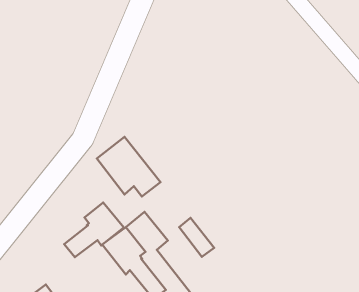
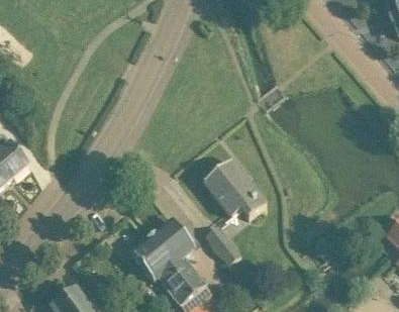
building: [97,137,160,197] -> [203,159,266,217]
building: [64,203,124,257] -> none

